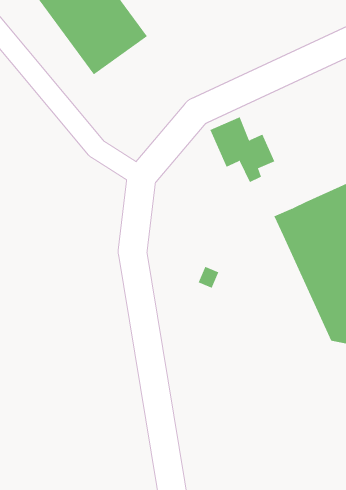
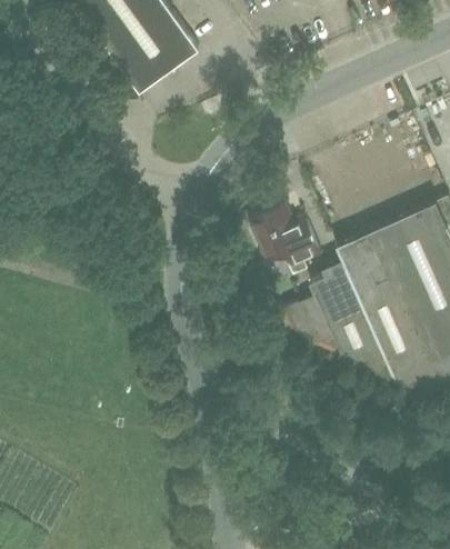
building: [210,116,275,183] -> [250,204,321,277]
building: none -> [282,267,398,381]

